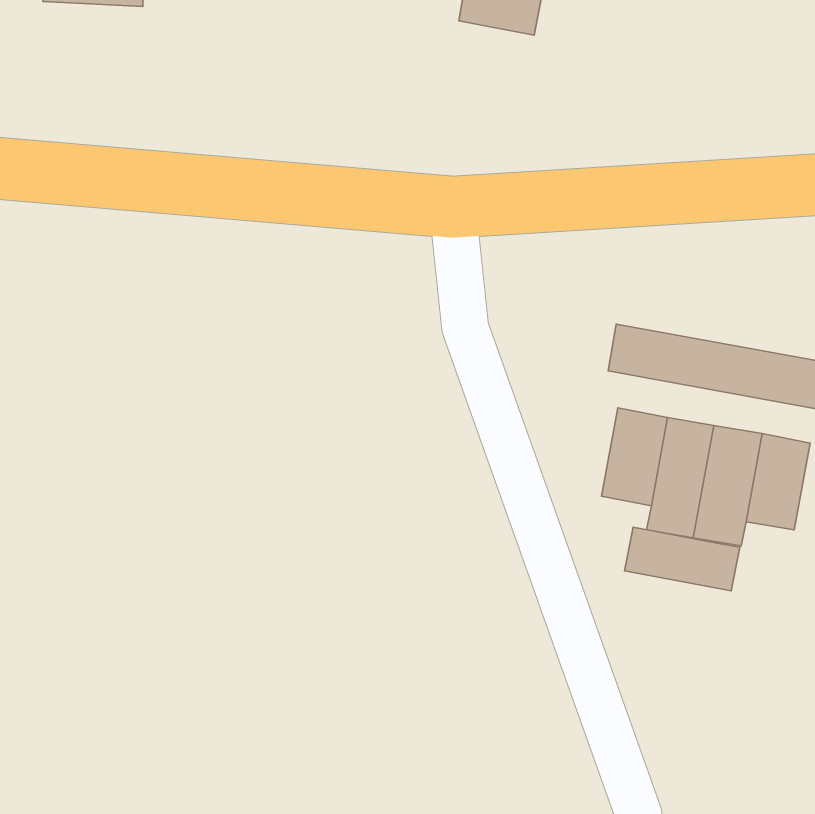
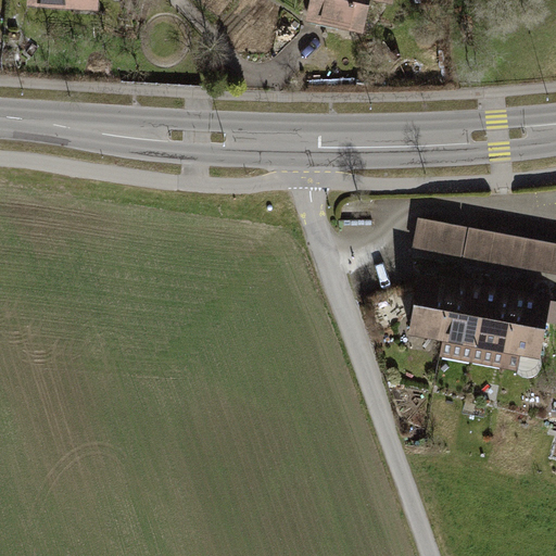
building: [625,527,740,591] -> none

